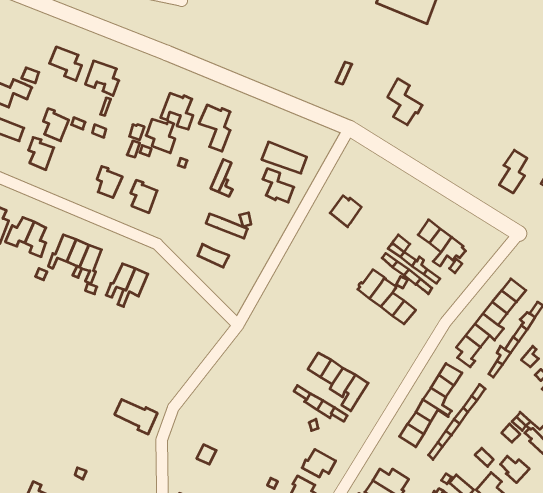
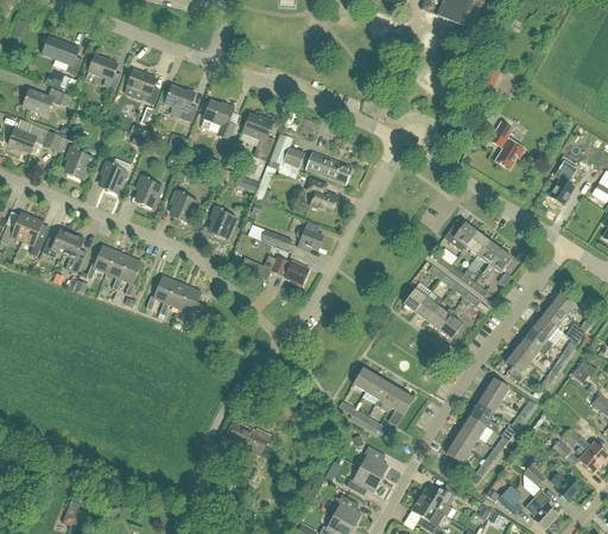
building: none -> [43,37,82,72]
building: [388,79,422,125] -> [489,120,525,167]
building: [43,109,69,141] -> [101,160,127,193]
building: [146,119,175,153] -> [165,85,195,120]
building: none -> [271,134,305,167]
building: none -> [210,205,238,240]
building: [330,196,361,227] -> [444,218,476,250]
building: none -> [297,221,324,250]
building: none -> [271,255,309,284]
building: none -> [179,286,204,326]
building: [115,399,157,434] -> [226,420,270,456]
building: none -> [360,444,390,477]

